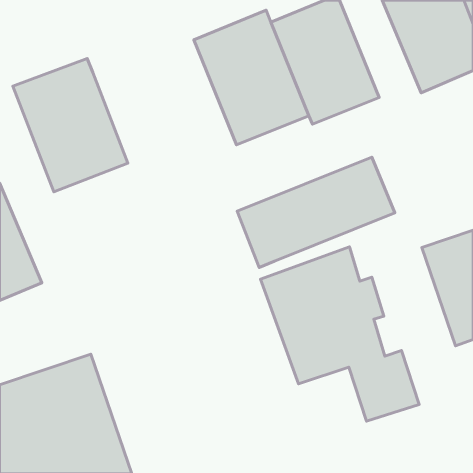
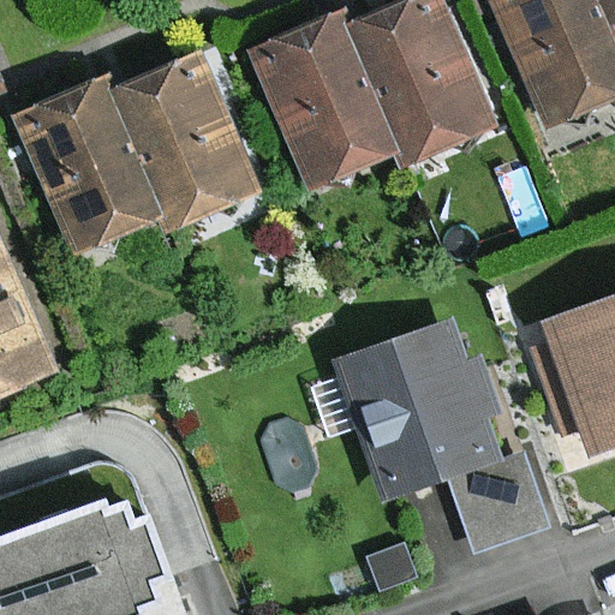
building: none -> [120,61,257,226]
building: [237,157,395,267] -> none

